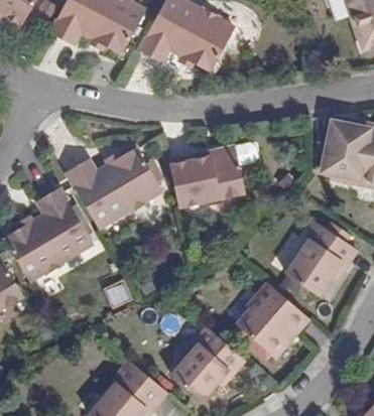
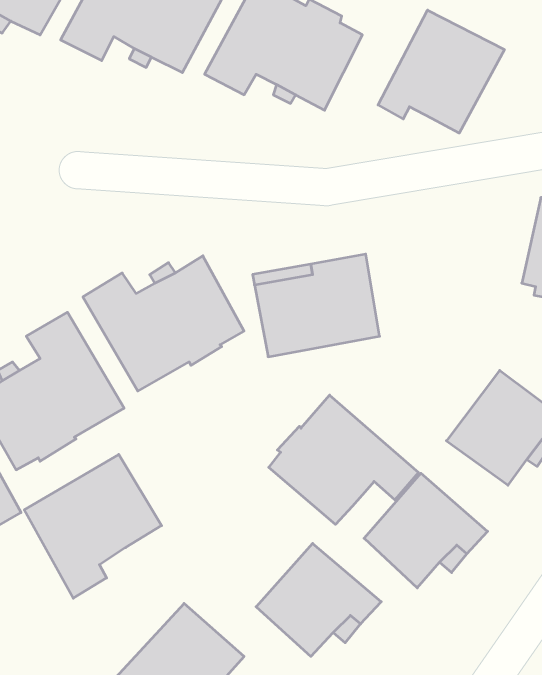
building: none -> [378,10,504,133]
building: none -> [269,395,418,524]
building: none -> [24,454,162,598]

